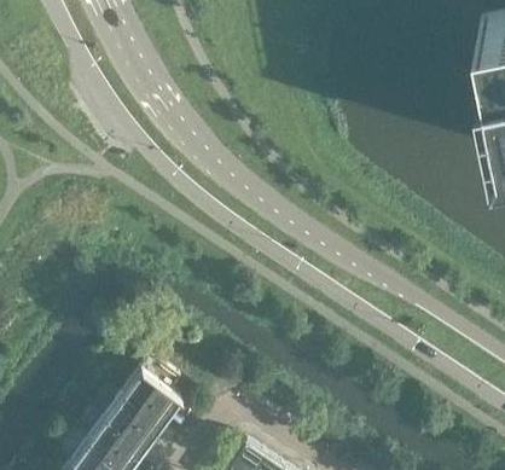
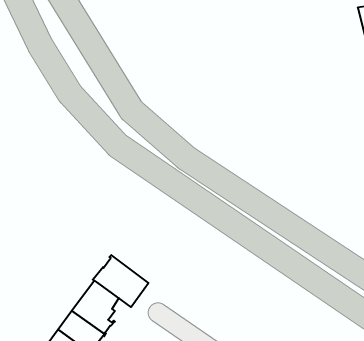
building: none -> [93,255,148,307]

